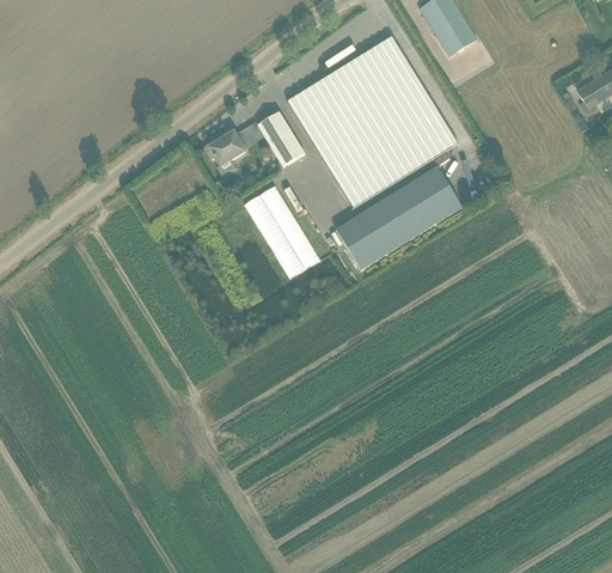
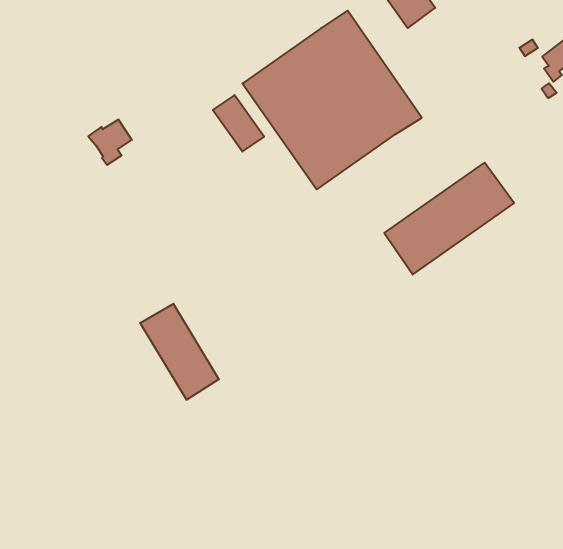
building: [204,132,246,175] -> [88,120,132,165]
building: [336,166,463,270] -> [384,163,514,275]
building: [246,185,319,279] -> [140,304,219,400]

